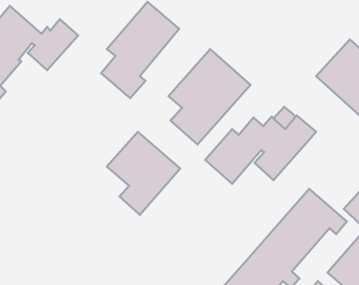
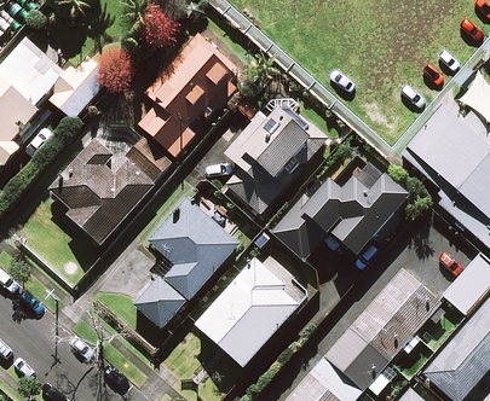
building: none -> [47,133,172,244]
building: none -> [194,258,299,370]
building: none -> [132,277,186,330]

